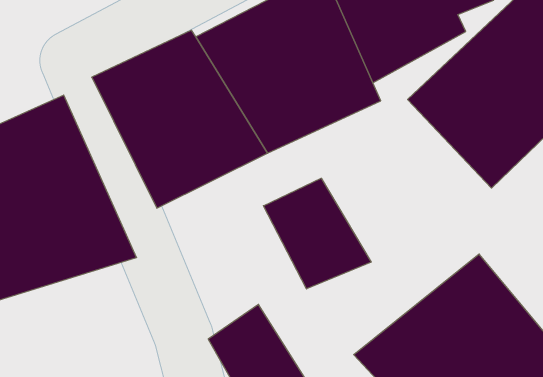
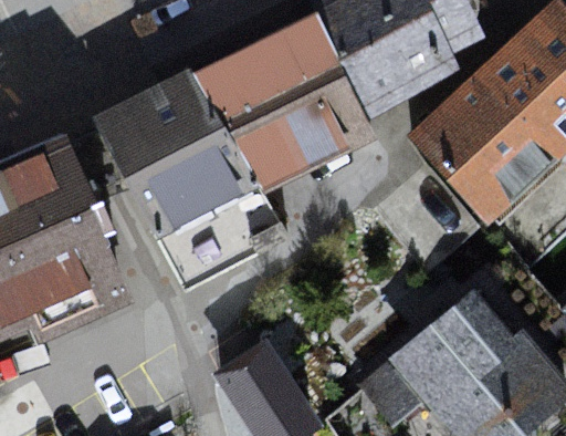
building: [263,178,371,289] -> none

